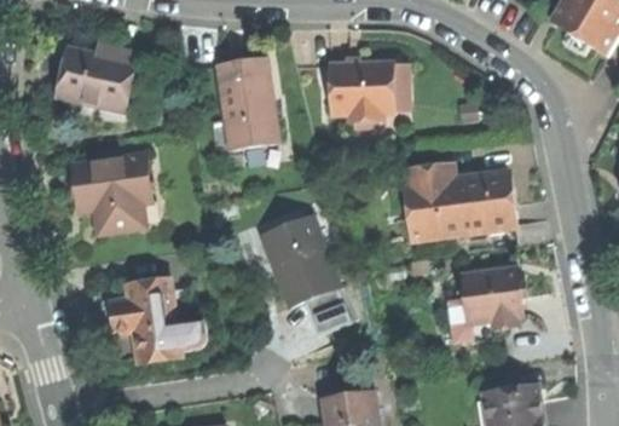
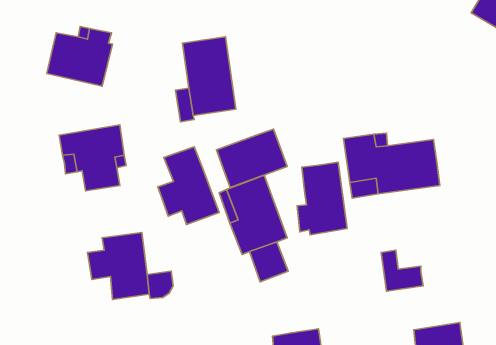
building: [332,63,392,121] -> none
building: none -> [217,129,287,187]
building: none -> [158,147,219,225]
building: none -> [297,162,347,235]
building: [461,269,521,324] -> none

